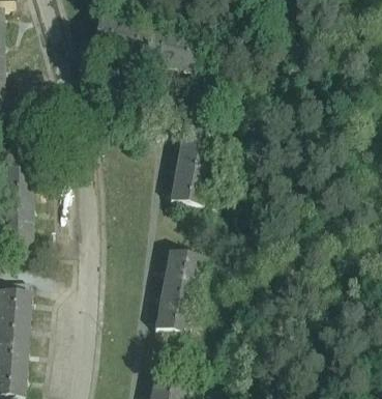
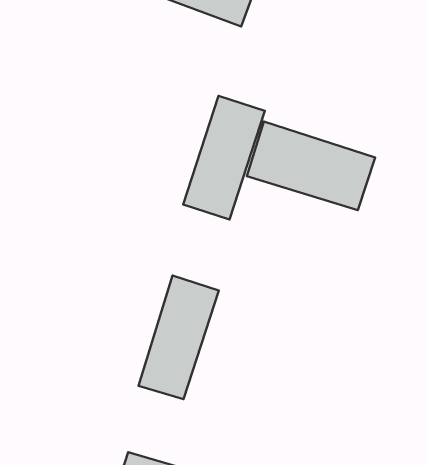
building: none -> [247,121,375,210]

